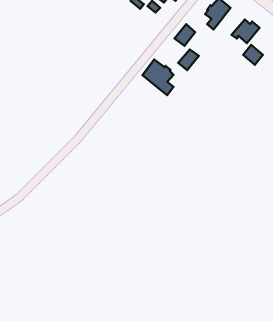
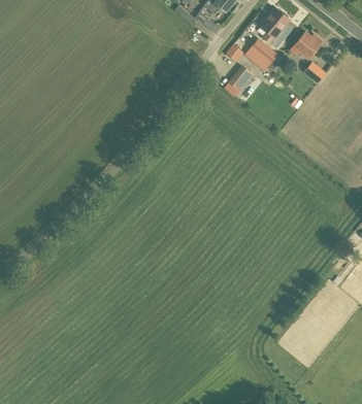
building: none -> [243,38,277,71]
building: [142,60,174,95] -> none

